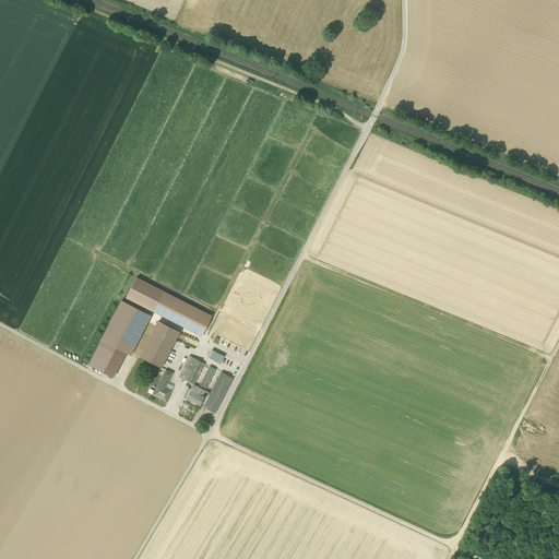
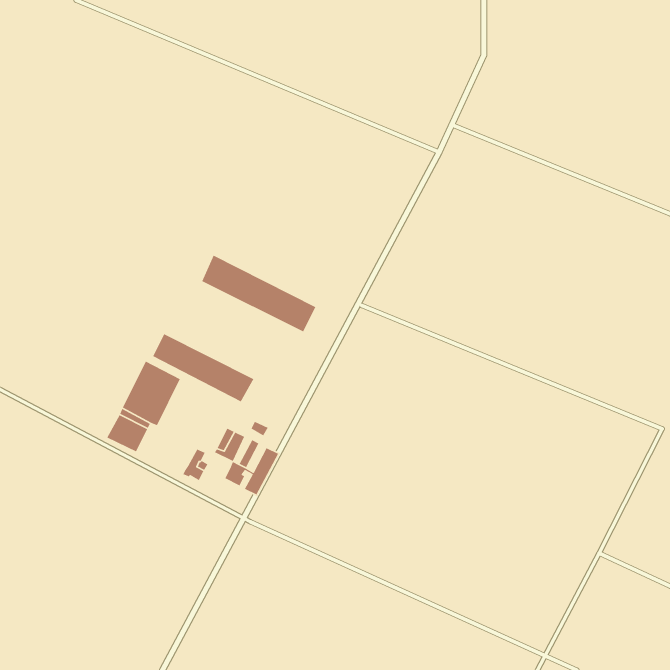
building: none -> [201,255,317,333]
building: [141,321,179,367] -> none

